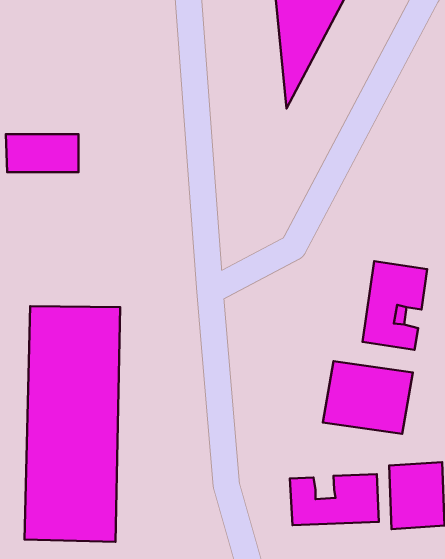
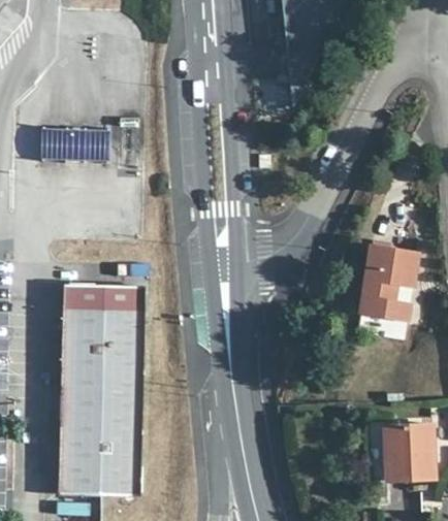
building: [323,361,413,434] -> none
building: [290,474,379,525] -> none

